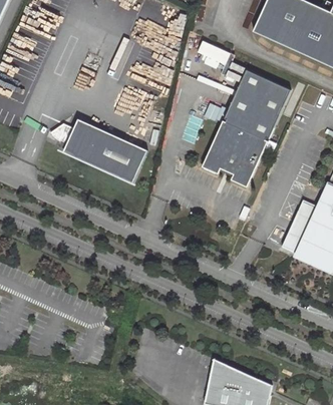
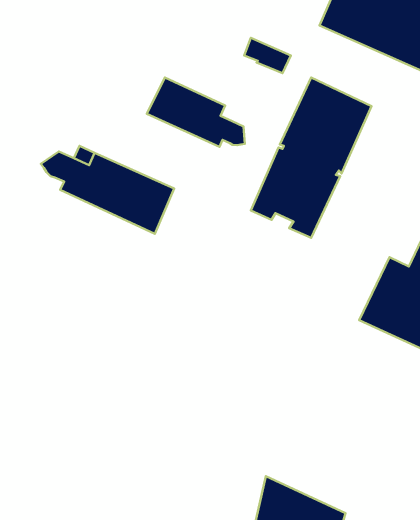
building: none -> [147,77,245,147]

